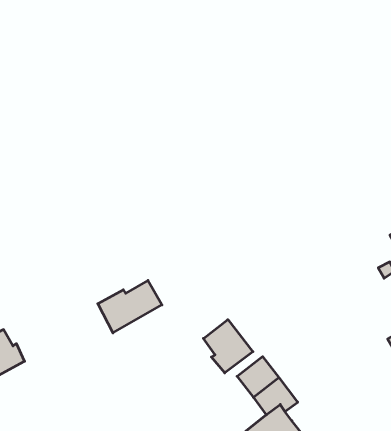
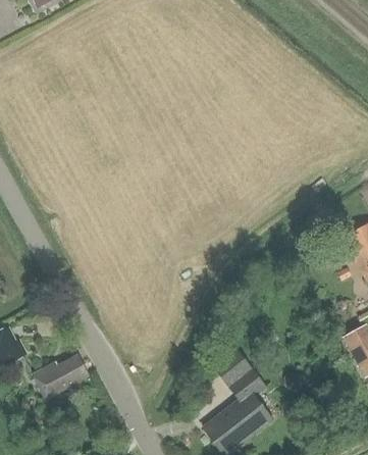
building: [98,280,162,333] -> [33,353,89,399]
building: [203,320,253,373] -> none

